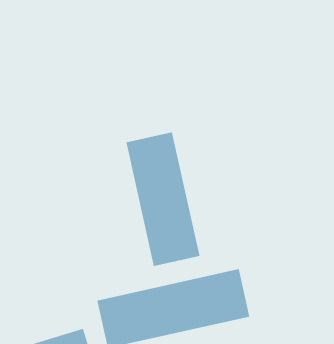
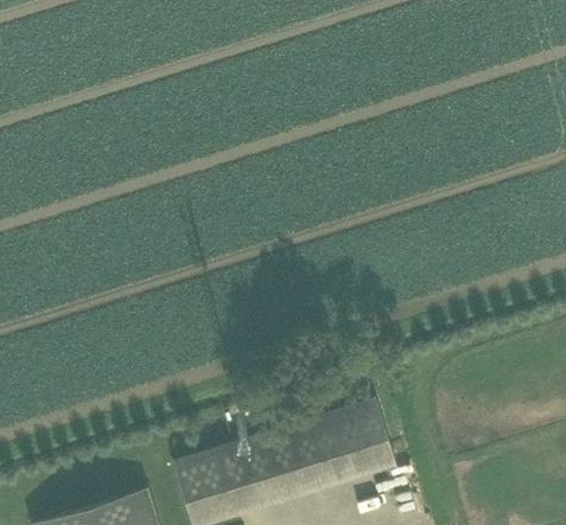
building: [126,132,200,267] -> none

